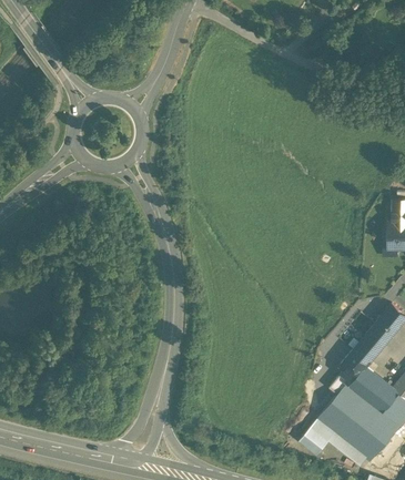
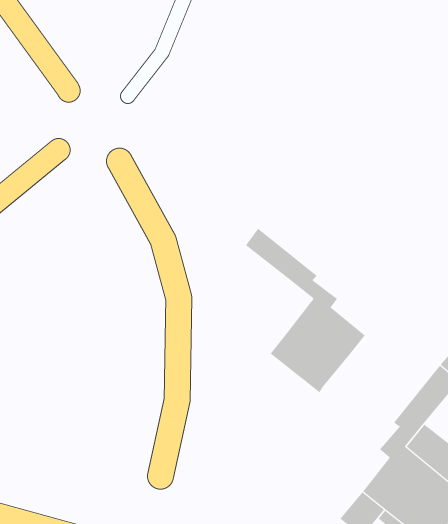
building: none -> [245,228,366,393]

